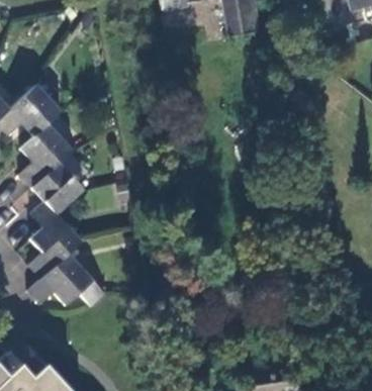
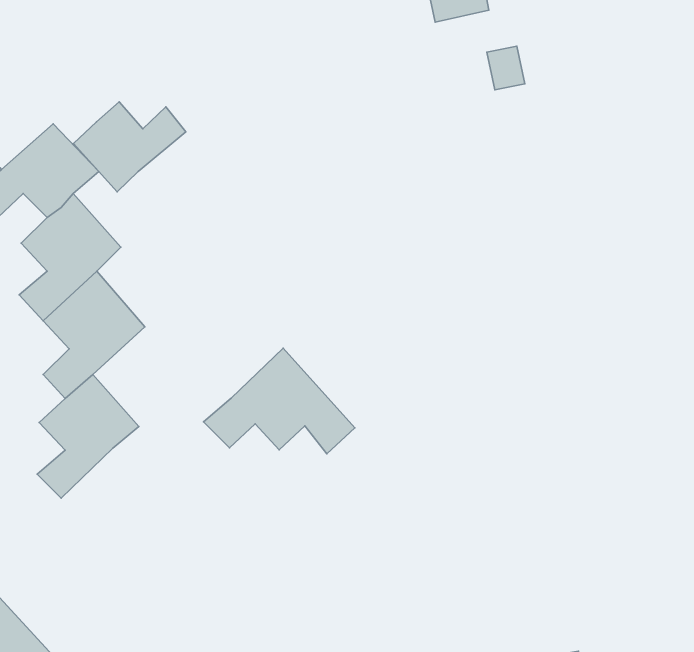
building: none -> [73,102,186,192]
building: [28,253,105,306] -> [203,348,355,454]

